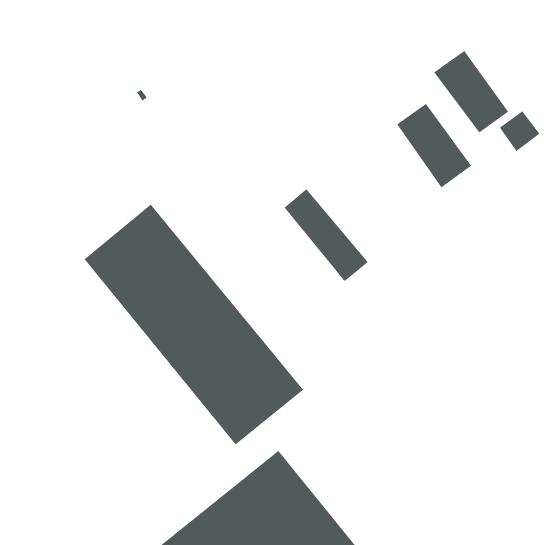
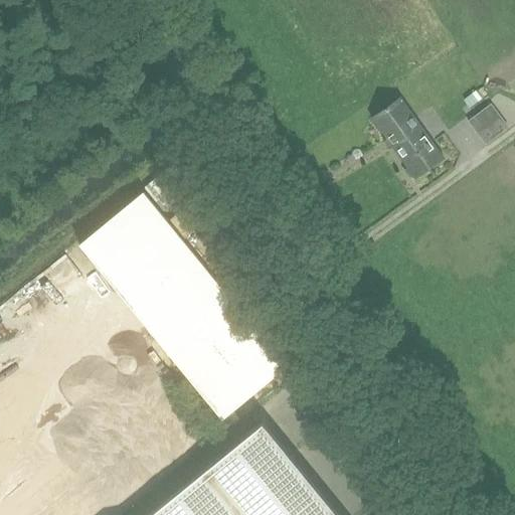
building: [433,50,509,134] -> none
building: [283,188,369,282] -> none

